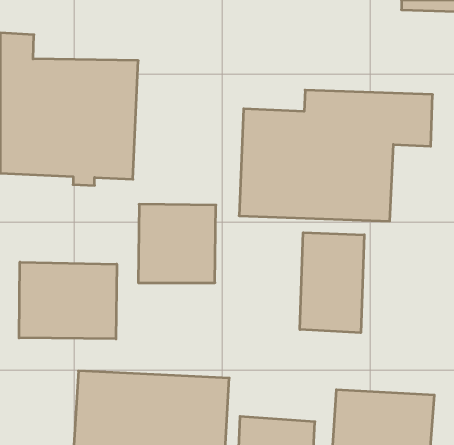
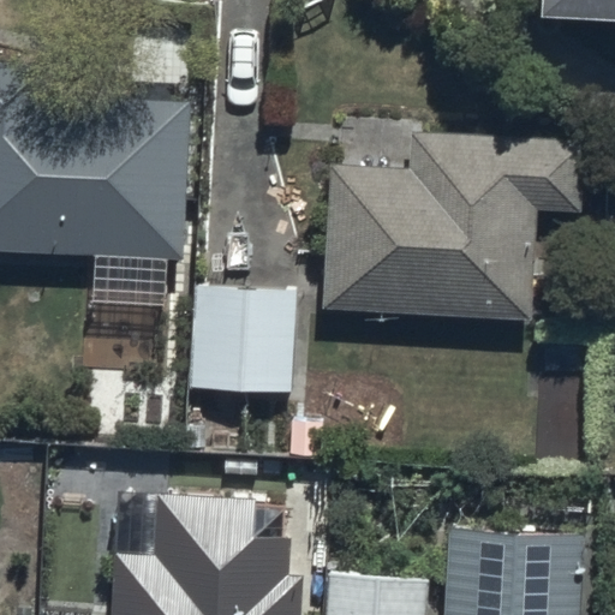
building: [300,233,364,333] -> none
building: [19,262,117,339] -> none

